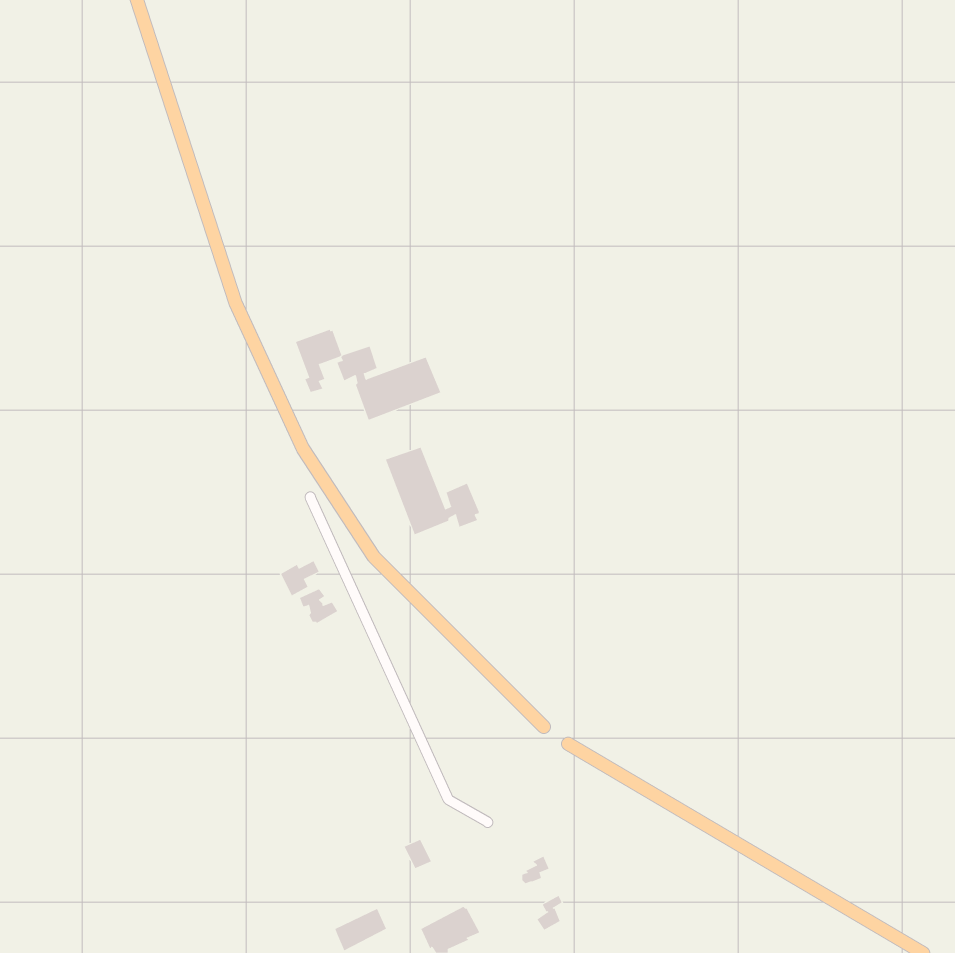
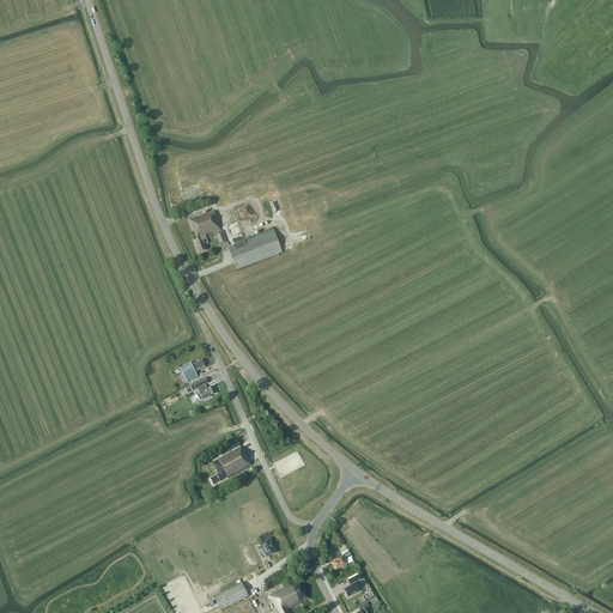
building: [385,447,479,535] -> none
building: none -> [210,447,250,484]

